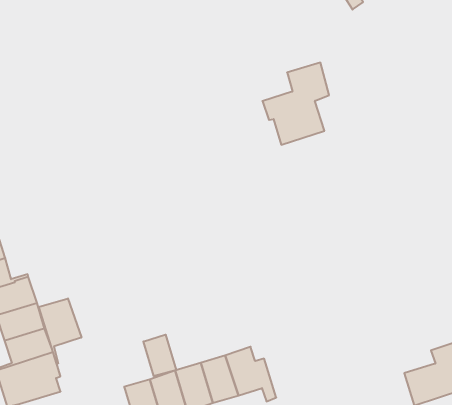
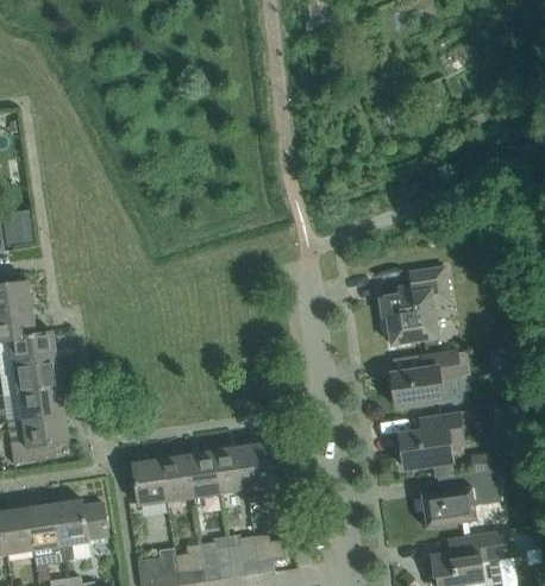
building: [262,63,329,145] -> [378,267,447,345]
building: none -> [390,349,459,408]
building: none -> [400,411,462,470]
building: [39,298,81,364] -> none
building: [143,335,176,376] -> none

